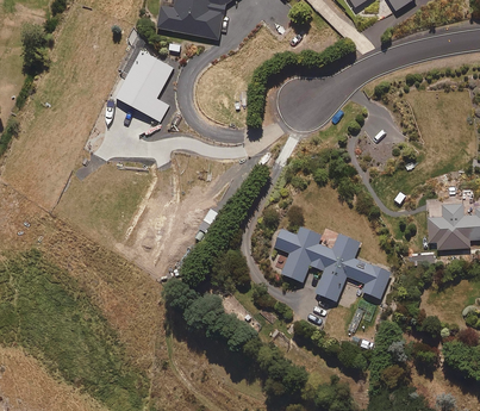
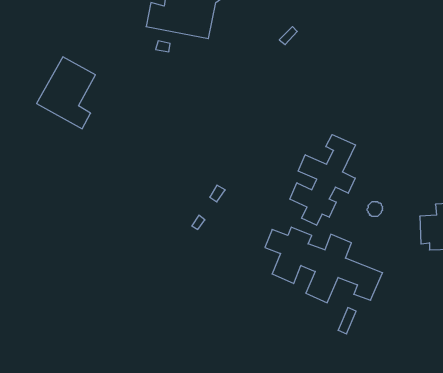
building: [114,50,173,122] -> [37,57,95,129]
building: none -> [290,135,356,225]

